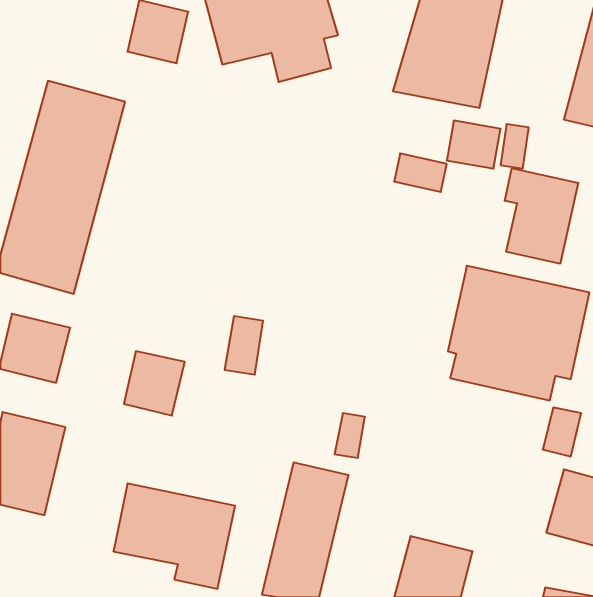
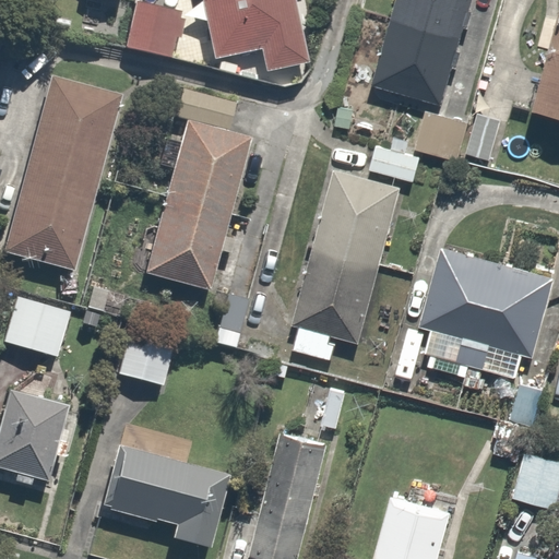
building: none -> [143,121,251,290]
building: [505,168,578,264] -> none
building: none -> [294,171,397,358]

